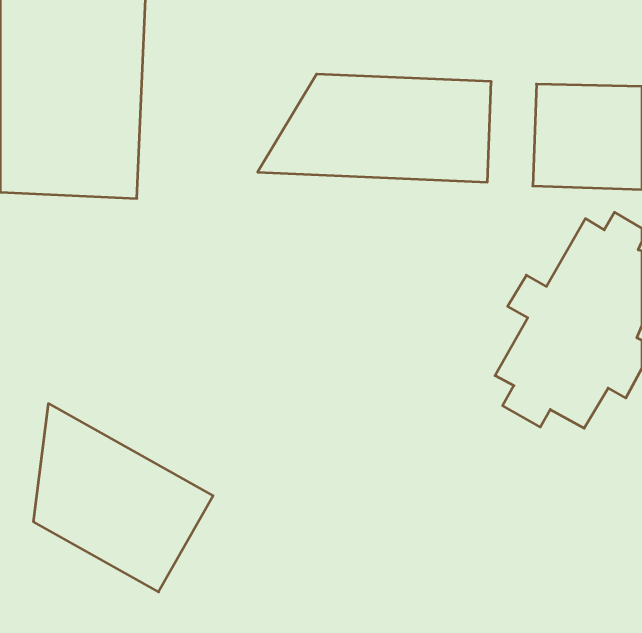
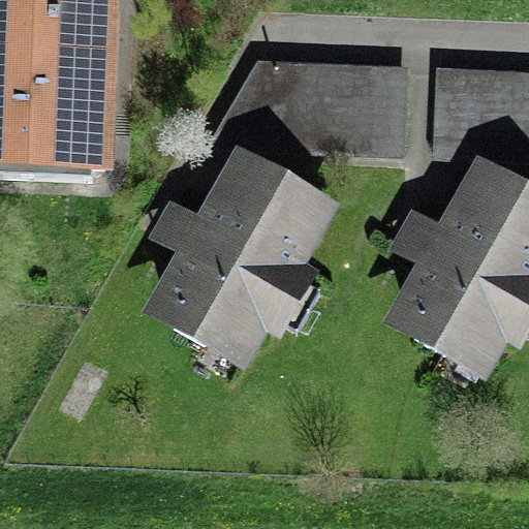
building: none -> [166,165,314,343]
building: [34,404,213,592] -> none

